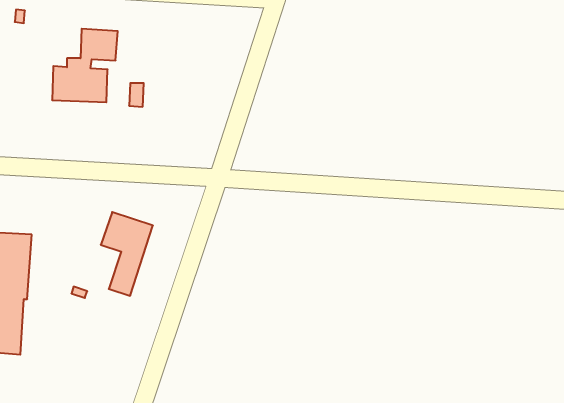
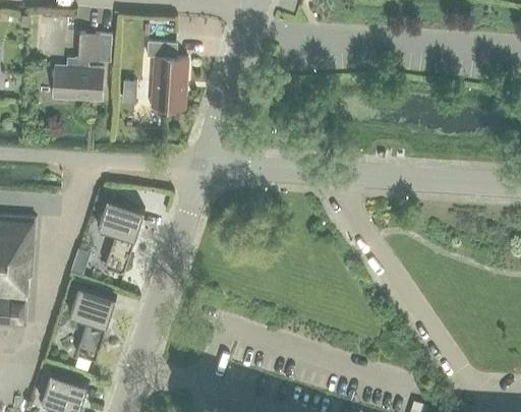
building: none -> [147,40,187,107]
building: none -> [68,284,116,359]

